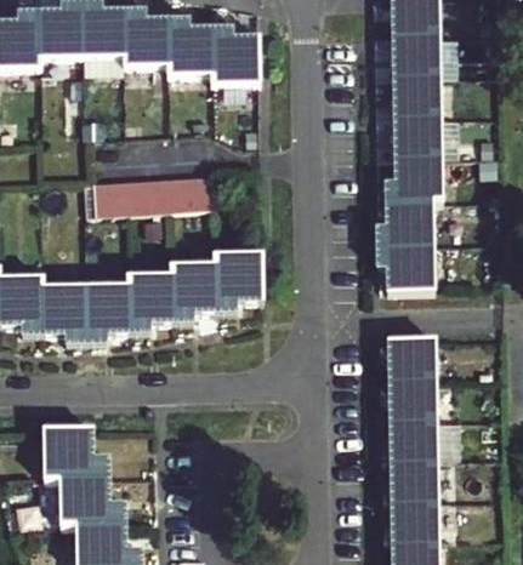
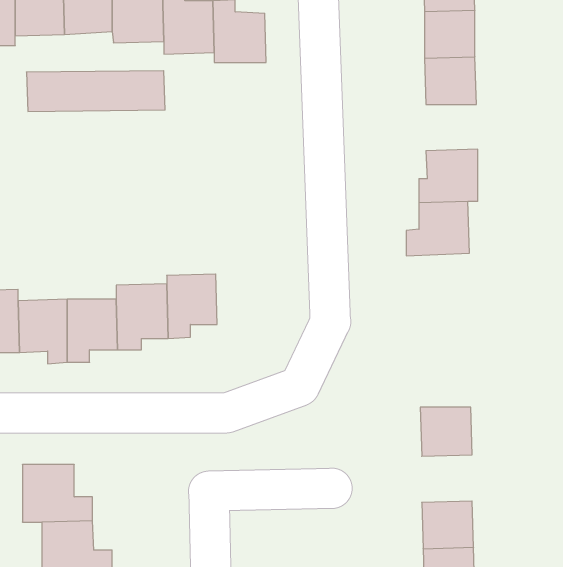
building: [394,118,439,158] -> none
building: [91,172,211,207] -> [26,71,165,111]
building: [377,246,433,291] -> none
building: [212,255,260,308] -> none
building: [390,341,433,379] -> none
building: [391,421,434,462] -> none

